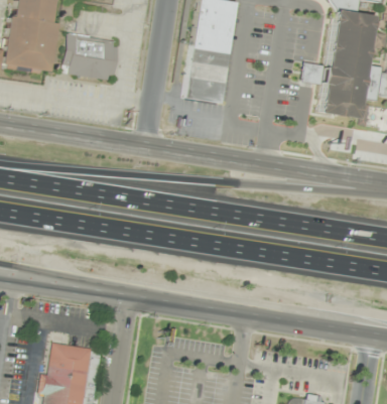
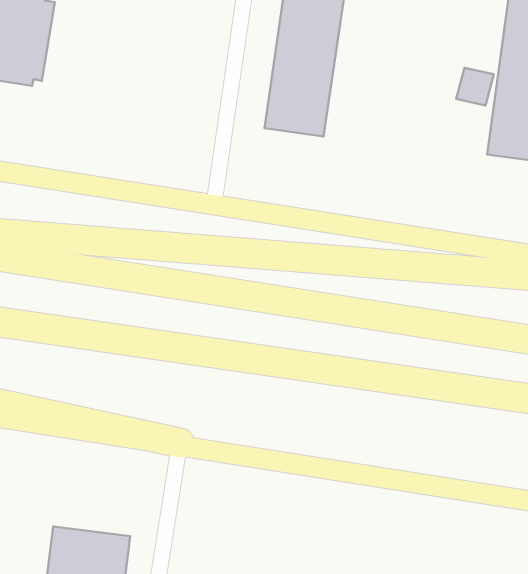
building: [62,32,121,80] -> none

